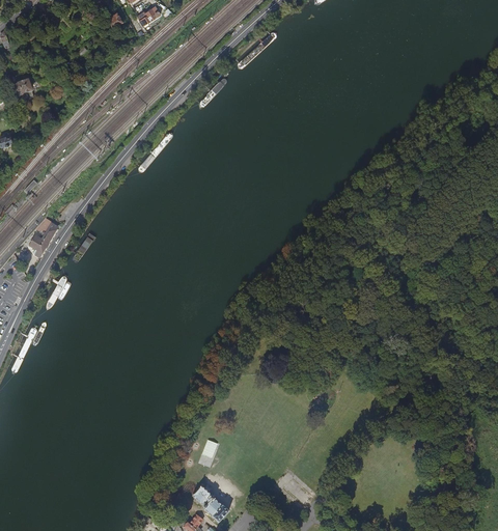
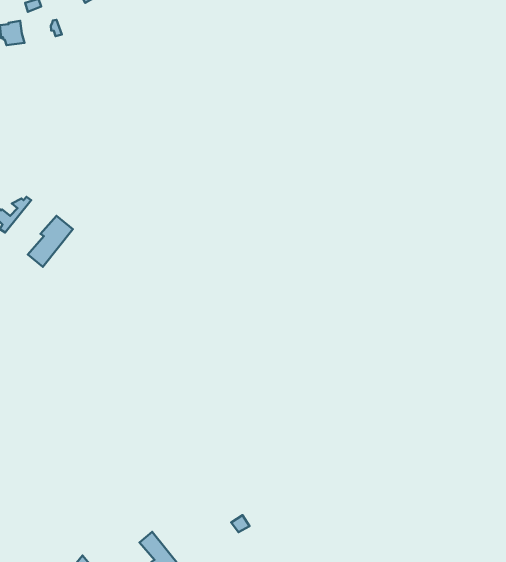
building: none -> [28,216,73,267]

